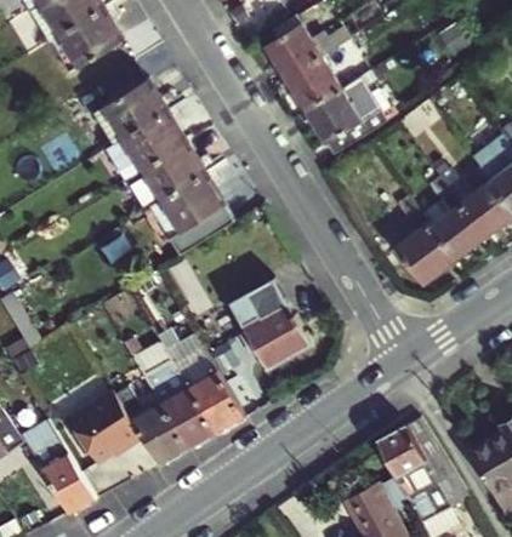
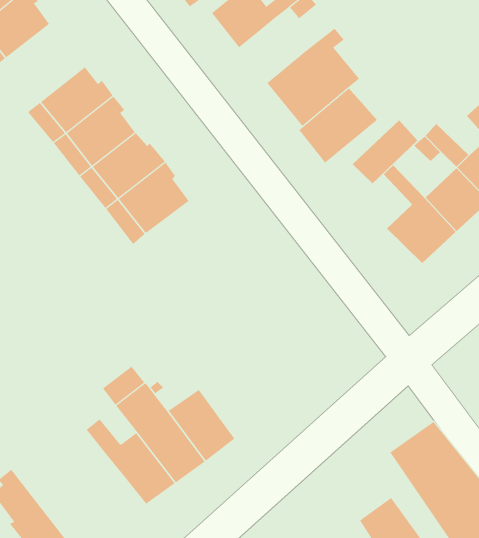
building: [284,56,340,112] -> none
building: none -> [298,88,378,164]
building: none -> [352,119,418,184]
building: [228,279,313,370] -> none
building: [67,390,143,463] -> none

